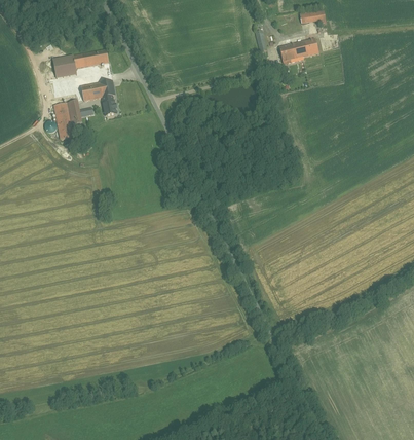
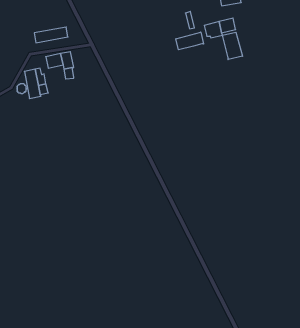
building: none -> [176,32,204,50]
building: none -> [222,32,243,60]

